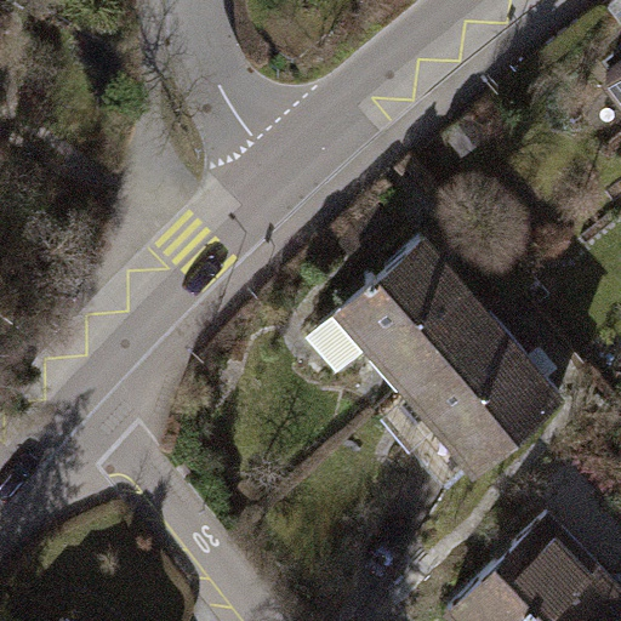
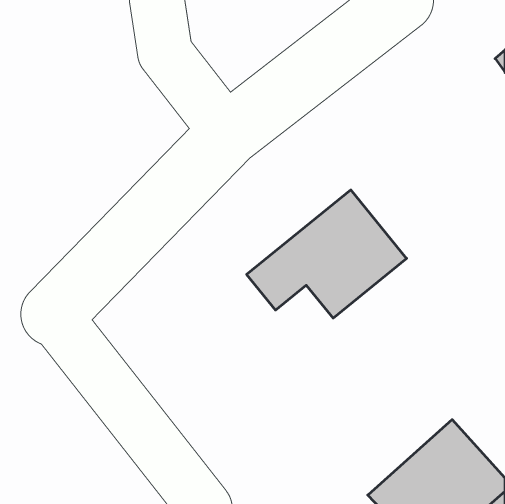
building: [406,320,564,497] -> none

